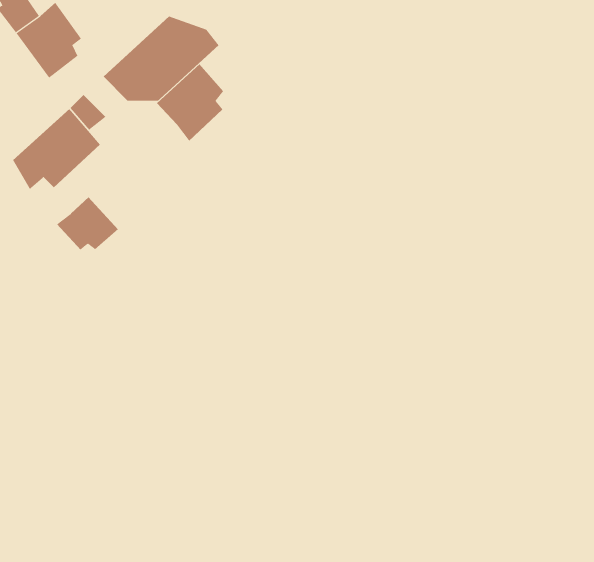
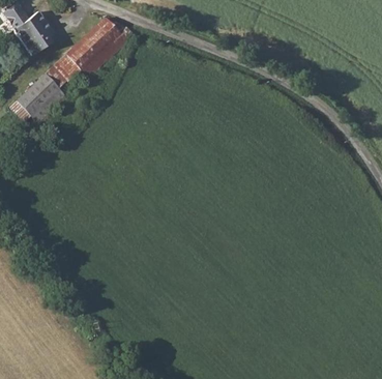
building: [156,64,224,141] -> none
building: [56,197,119,251] -> none

